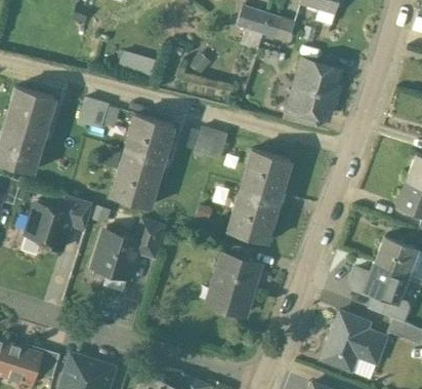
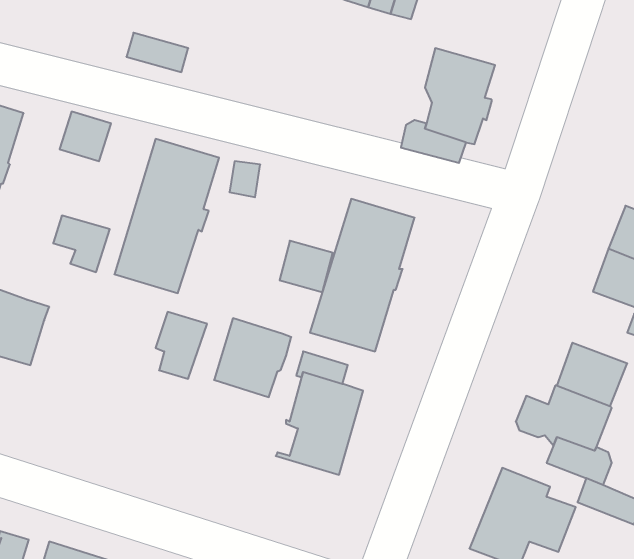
building: [195,127,226,158] -> [280,241,333,292]
building: [58,194,92,228] -> [53,216,110,272]
building: [94,230,140,277] -> [214,318,291,397]

